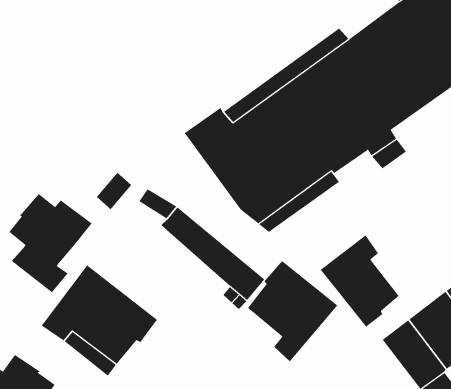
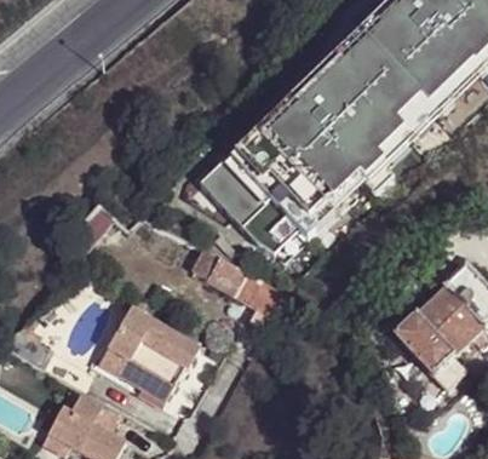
building: [8,193,92,293] -> none
building: [320,235,399,328] -> none
building: [247,260,338,362] -> none

